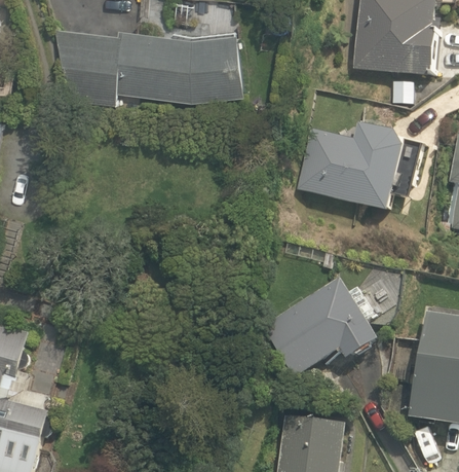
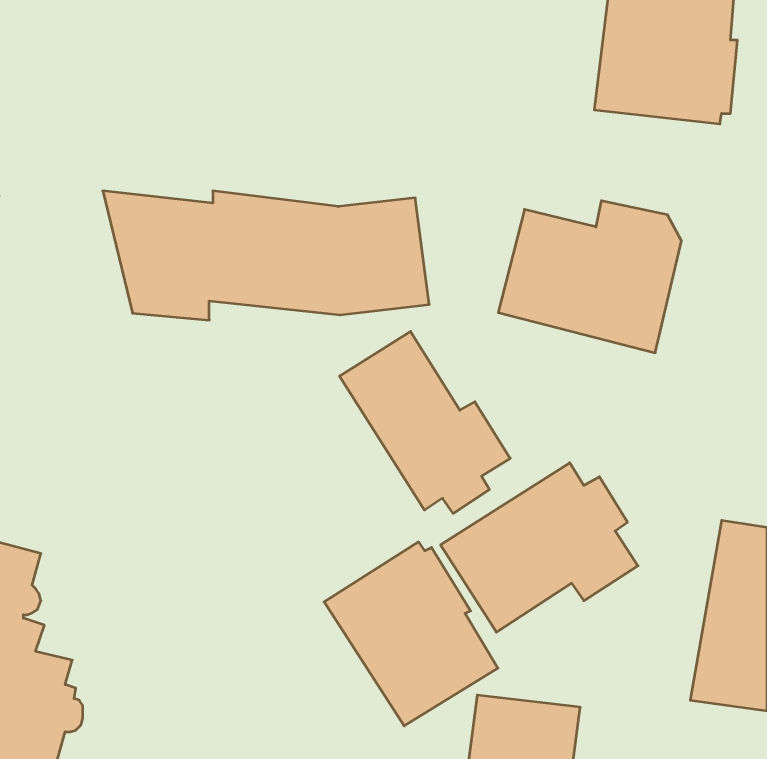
building: [52,28,244,104] -> [103,191,429,320]
building: none -> [340,331,510,513]
building: none -> [324,542,498,726]

